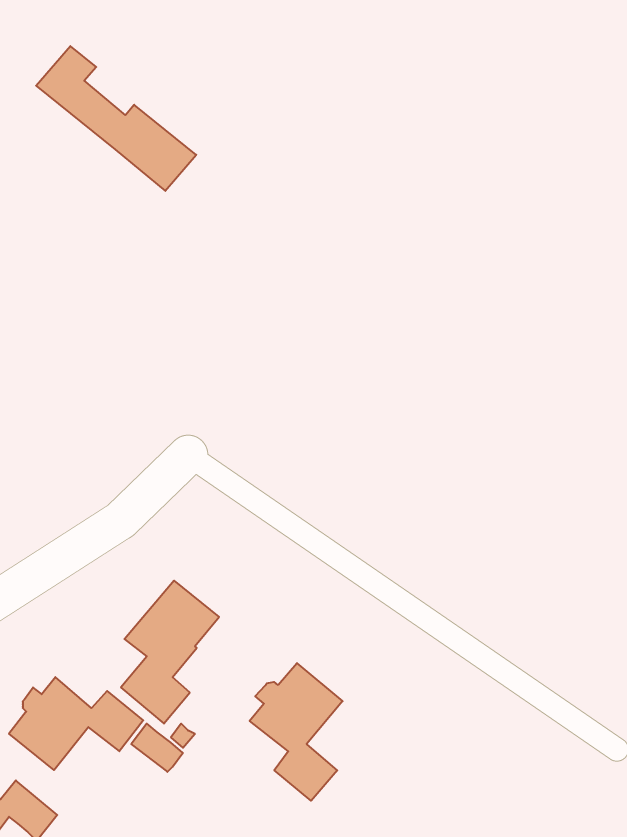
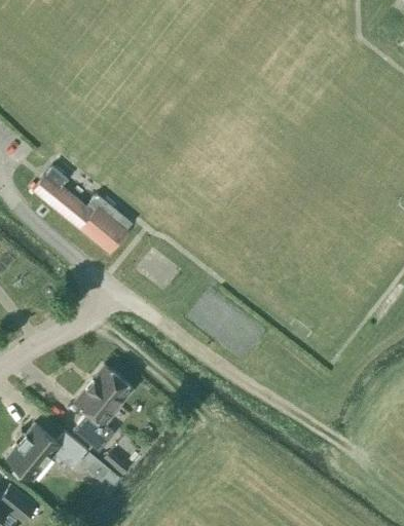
building: [36,46,196,191] -> [33,166,128,253]
building: [250,663,343,801] -> none

